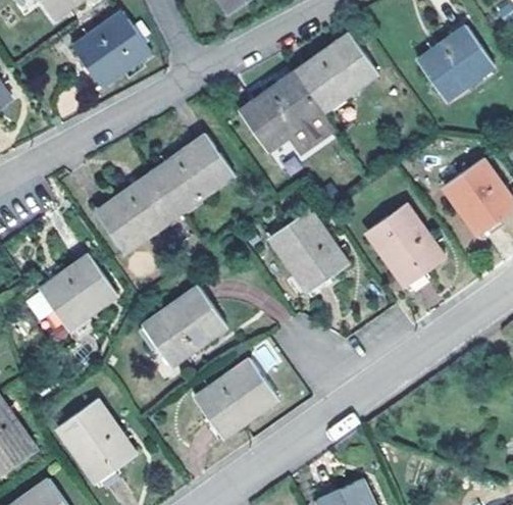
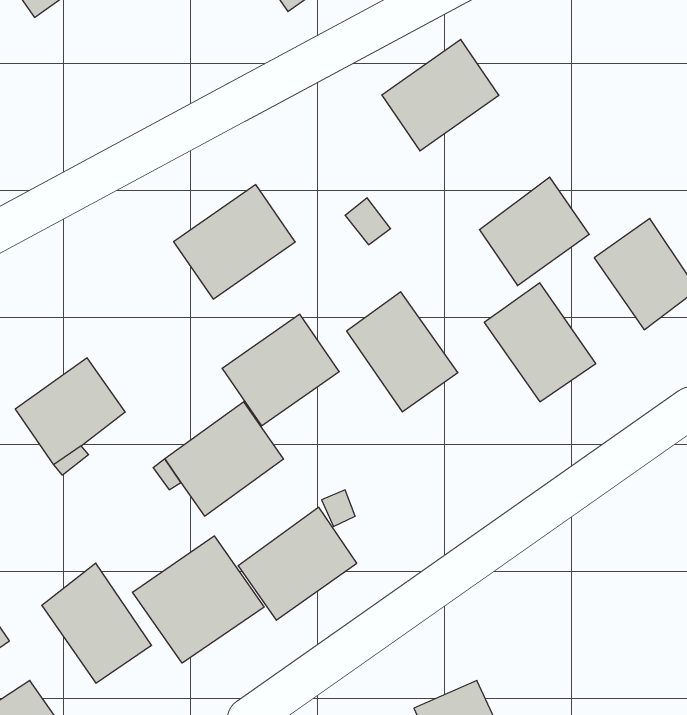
building: [73,11,149,85] -> none
building: [417,24,494,100] -> [479,177,589,286]
building: [239,71,334,152] -> none
building: [96,173,177,251] -> [222,314,339,426]
building: none -> [132,536,264,663]

